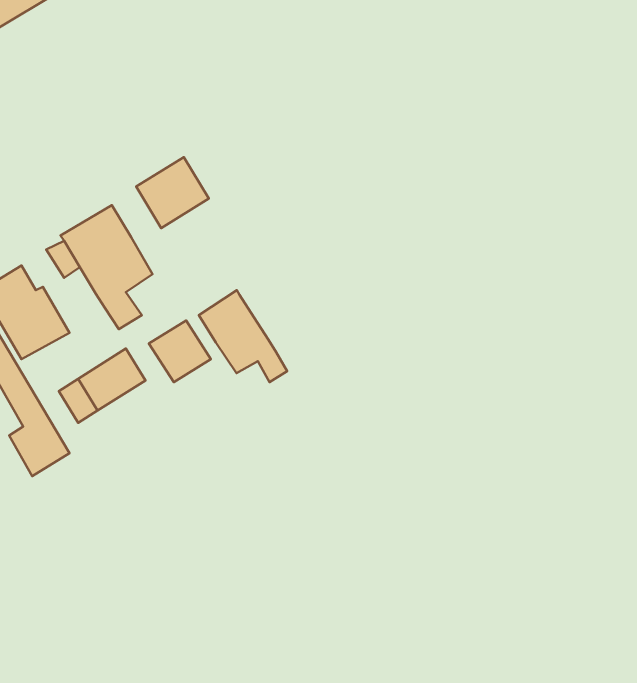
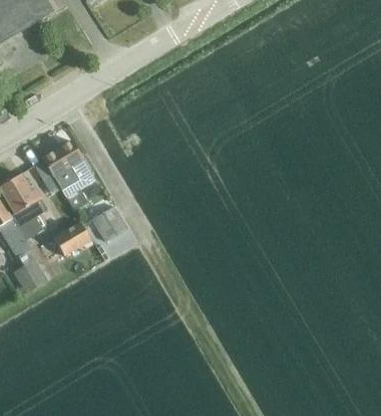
building: [136,157,209,228] -> none
building: [199,290,287,382] -> none

